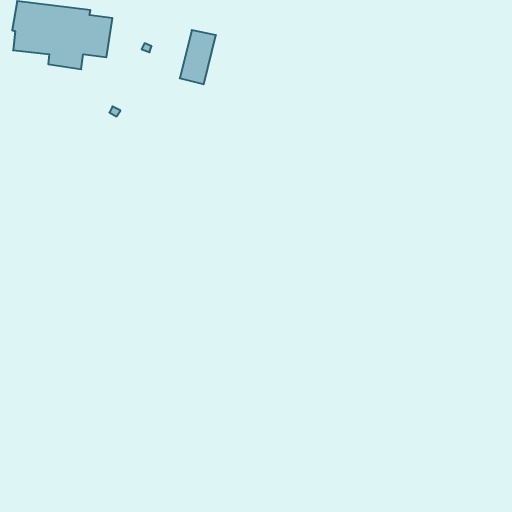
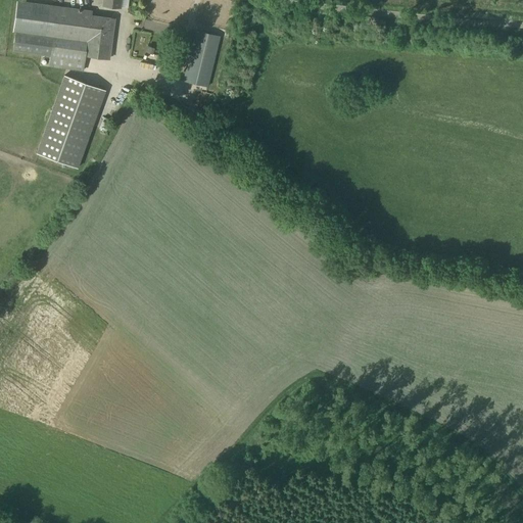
building: none -> [36,75,106,168]

